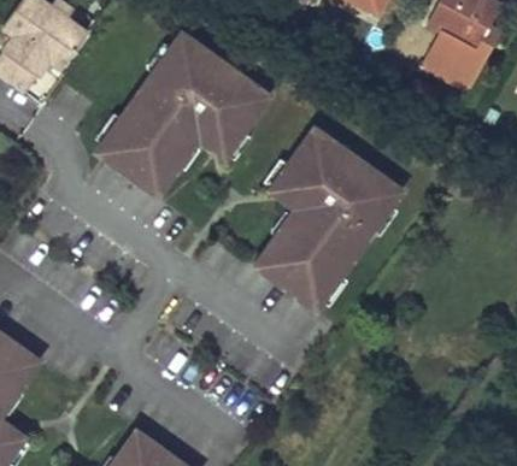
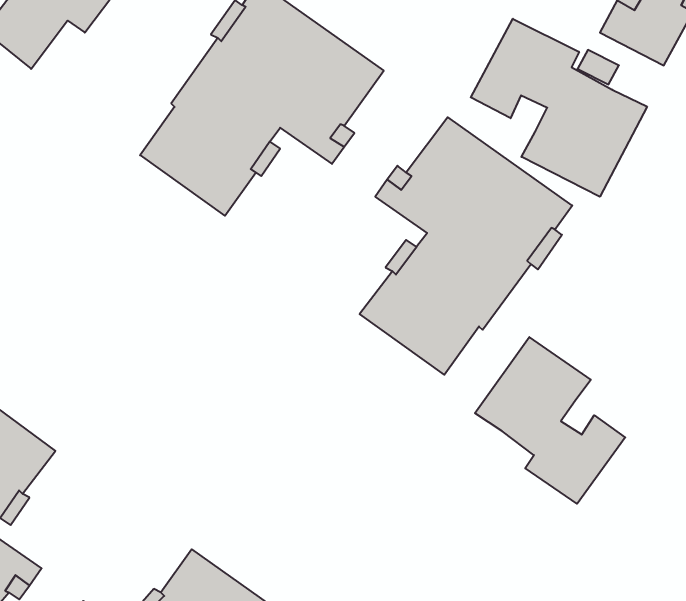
building: none -> [471,19,647,197]
building: none -> [475,337,625,504]

